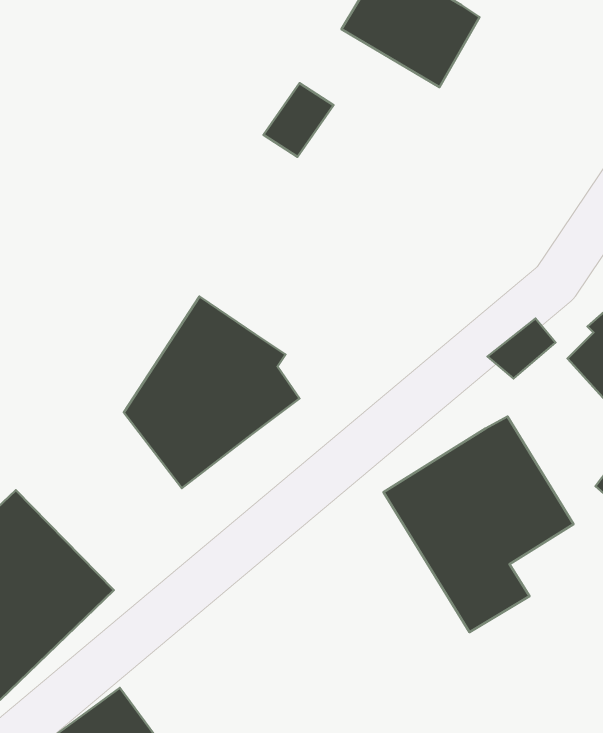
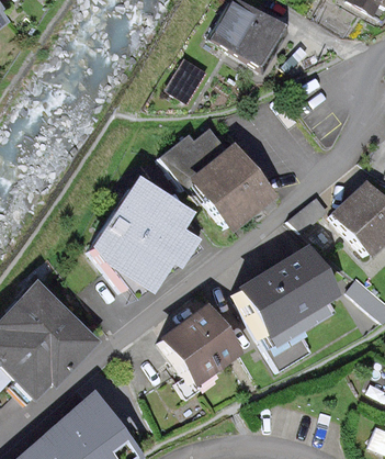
building: none -> [161,125,268,224]
building: none -> [163,309,235,380]

